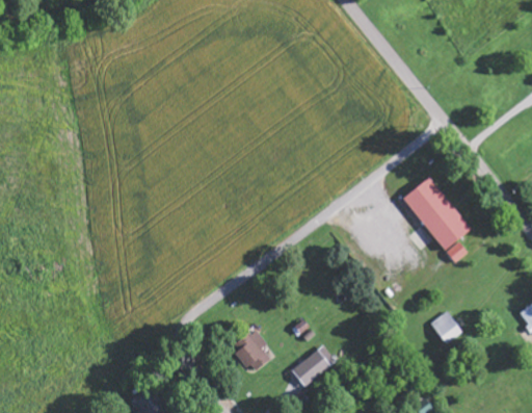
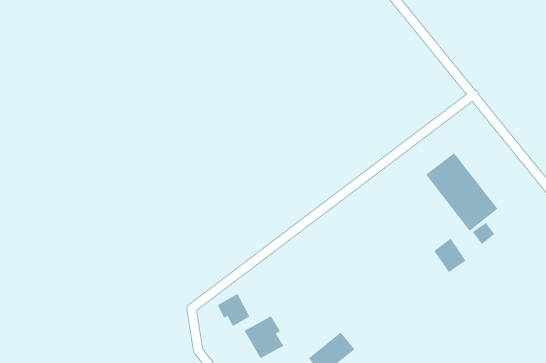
building: none -> [217,293,251,327]
building: [431,311,462,344] -> [433,238,466,273]

